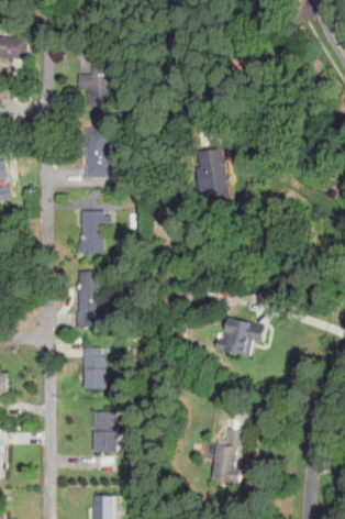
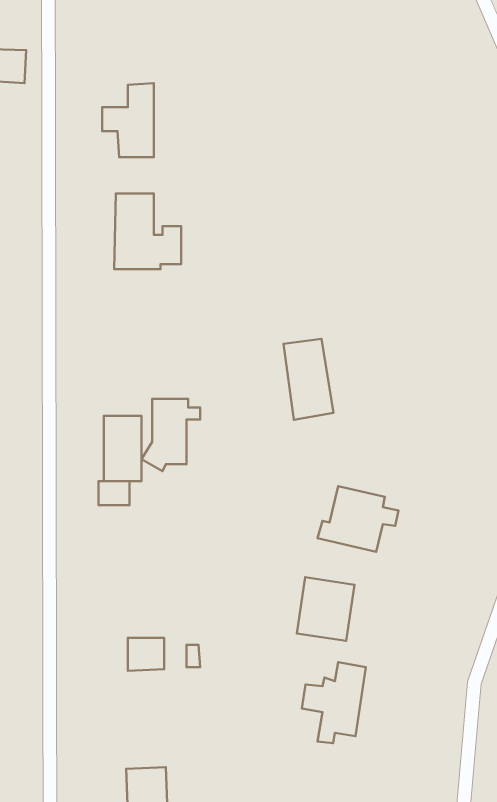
building: [199,148,231,200] -> [283,339,333,420]
building: [75,210,112,256] -> [142,399,200,471]
building: [82,346,109,390] -> none
building: none -> [297,577,355,641]
building: [97,432,120,453] -> none

